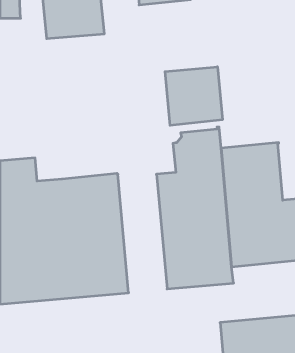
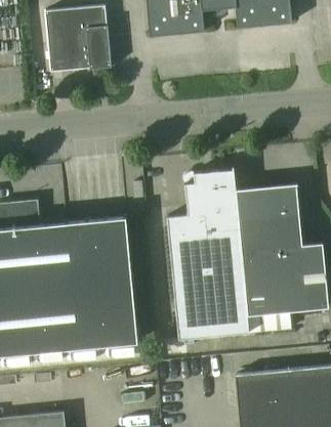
building: [165,67,222,125] -> none

